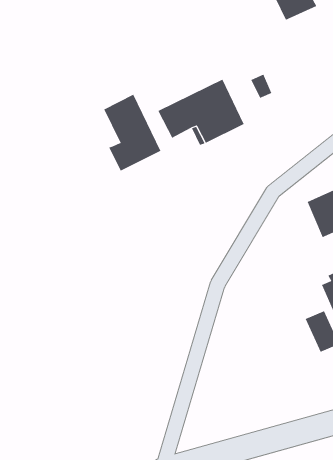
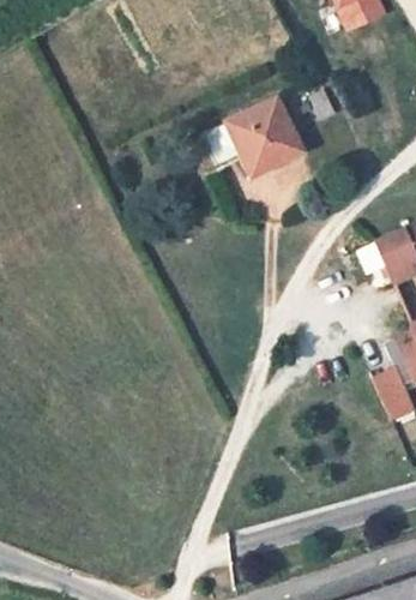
building: [103,94,161,172] -> none

